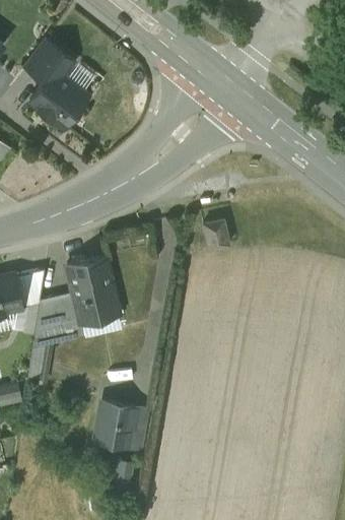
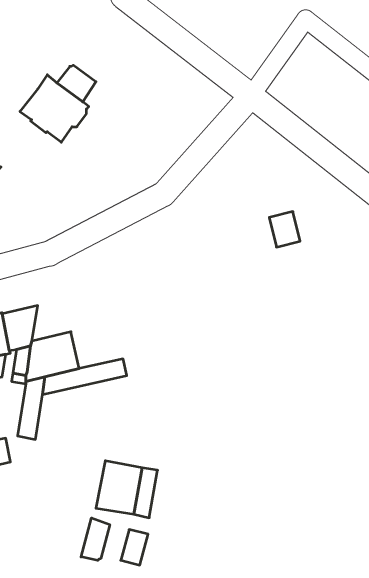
building: [23,40,73,82] -> none
building: [201,219,227,250] -> [269,212,300,247]
building: [65,255,116,322] -> none
building: none -> [81,518,110,560]

